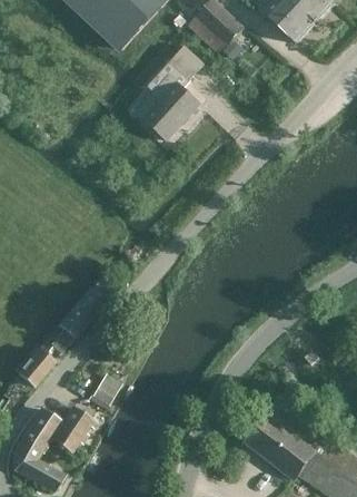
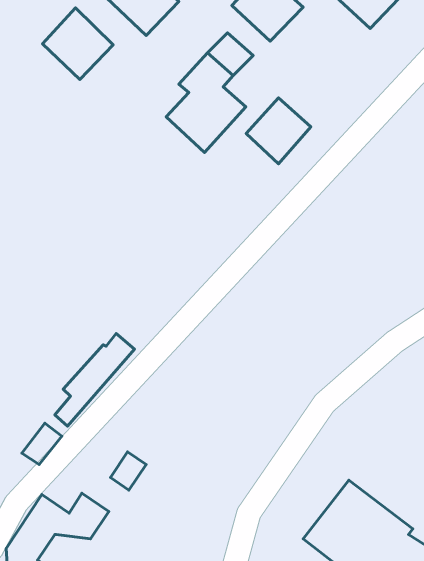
building: none -> [42,8,113,79]
building: none -> [246,98,311,164]

